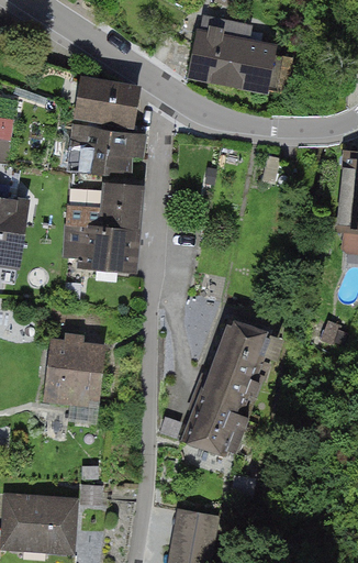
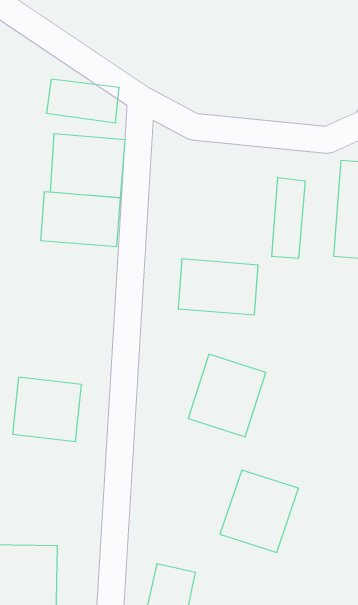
building: [181,31,277,92] -> none
building: none -> [272,177,305,258]
building: [66,221,138,272] -> [178,259,258,315]
building: [183,383,255,457] -> [220,470,299,553]

